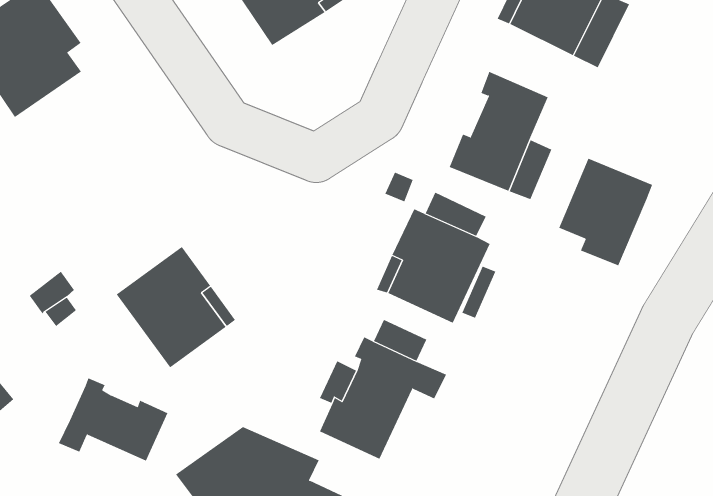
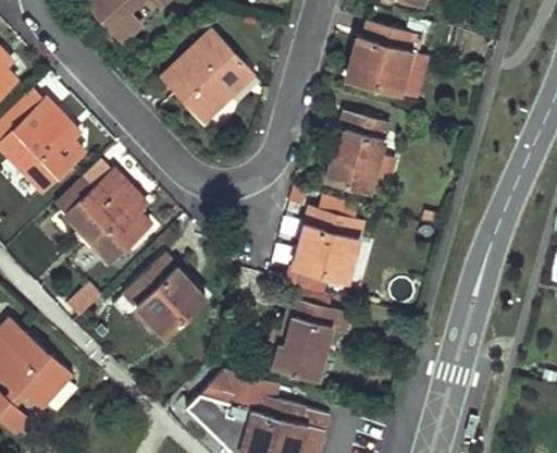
building: none -> [55,172,148,262]
building: [559,158,653,266] -> none
building: [58,378,168,461] -> none

